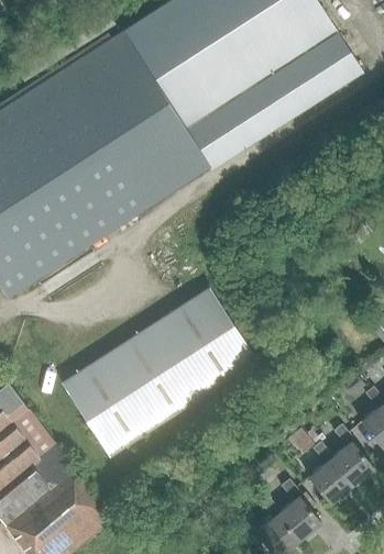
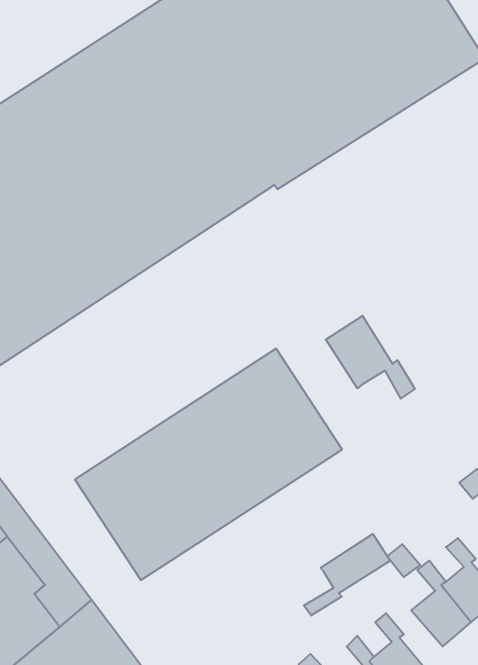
building: none -> [326,316,415,399]
building: none -> [304,534,390,616]

